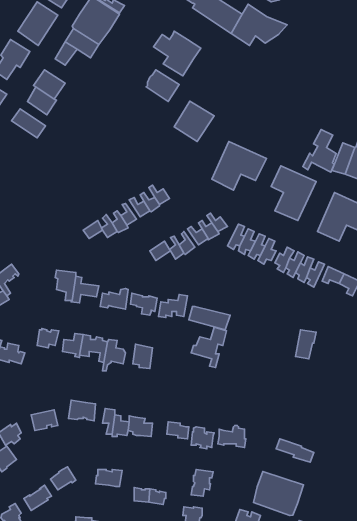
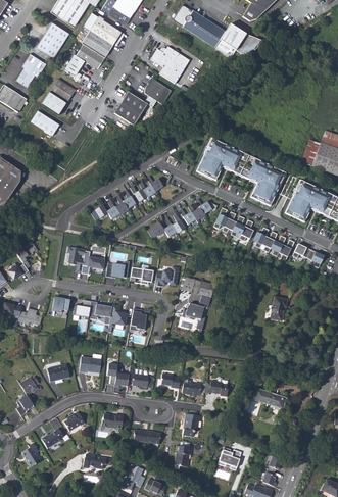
building: [174,101,214,141] -> [114,92,148,126]
building: [303,129,336,172] -> none
building: [253,471,303,515] -> none

